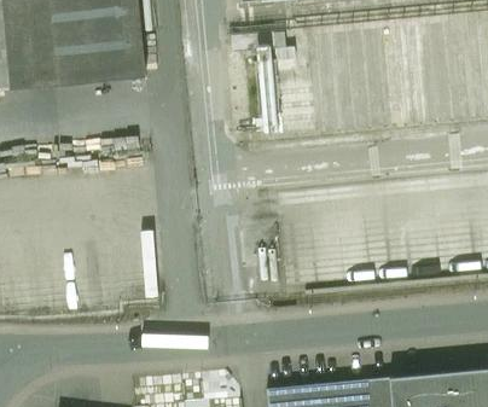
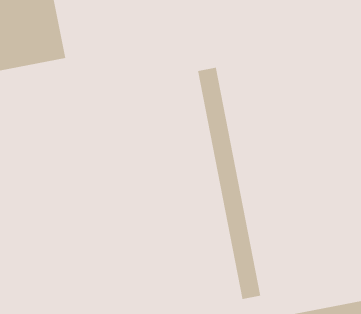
building: none -> [197,67,261,300]

